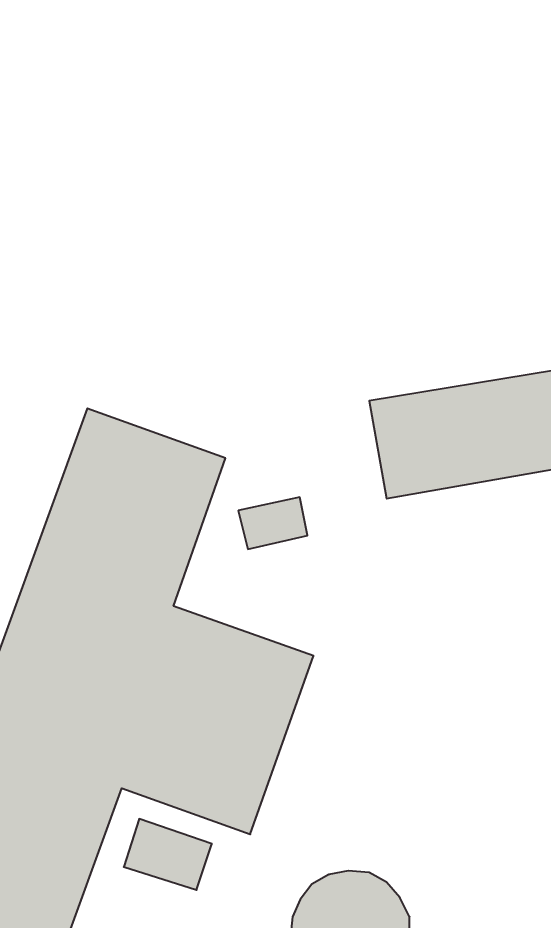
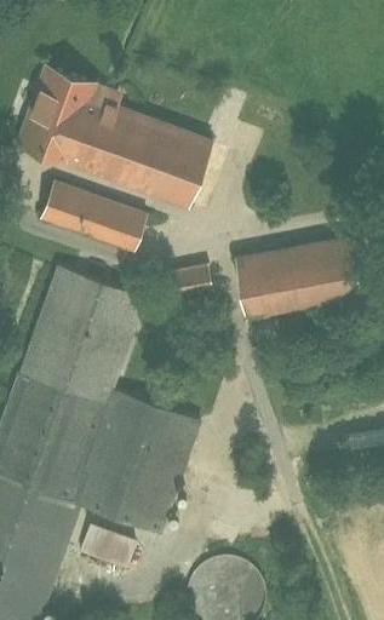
building: none -> [16,63,214,208]
building: none -> [40,180,147,252]
building: [238,497,307,549] -> [168,266,212,299]

